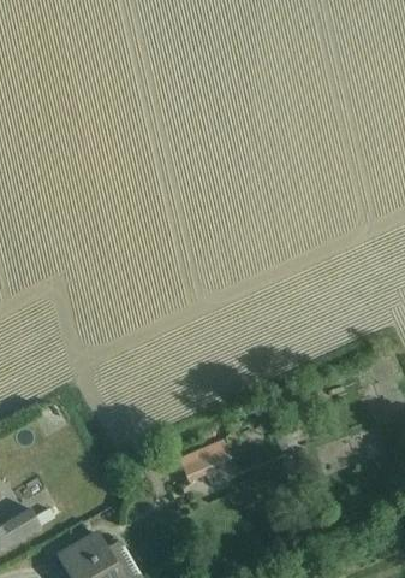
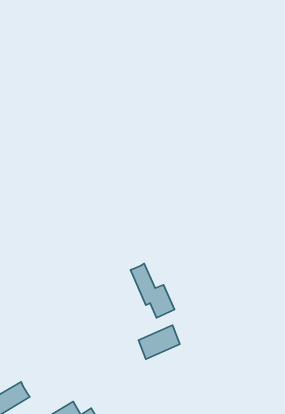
building: none -> [131,263,175,318]

